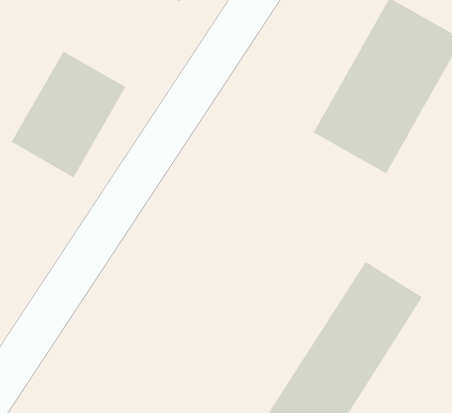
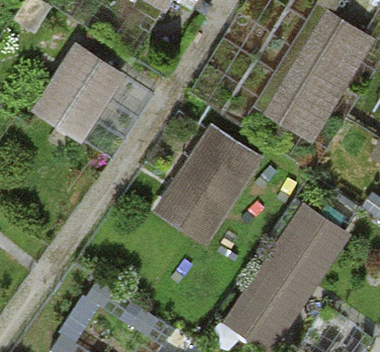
building: none -> [154,126,264,248]

